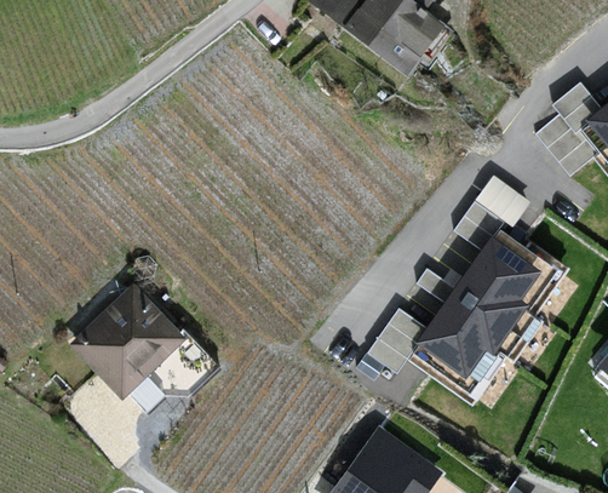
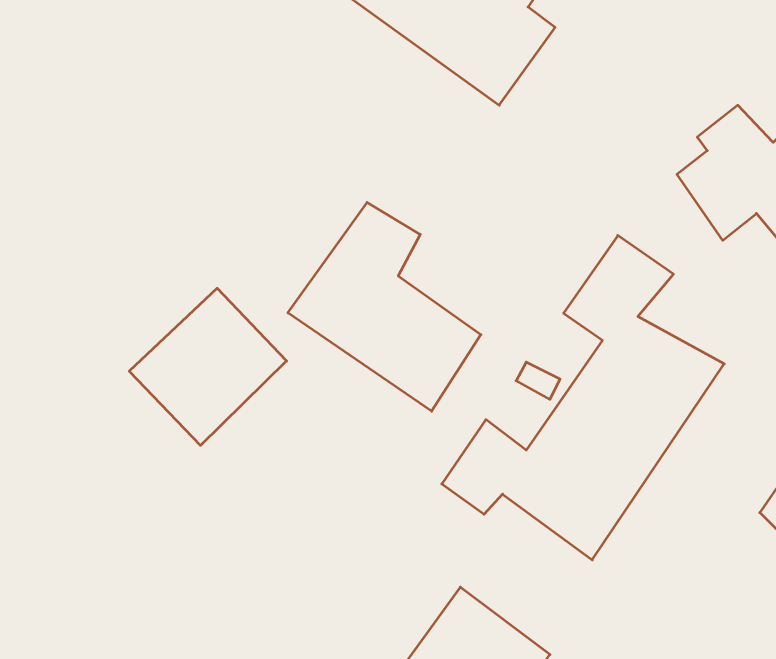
building: none -> [288,202,481,411]
building: [70,285,183,397] -> [129,288,287,445]

